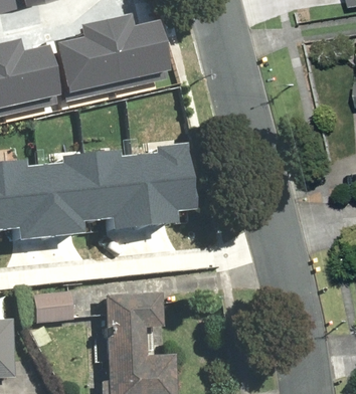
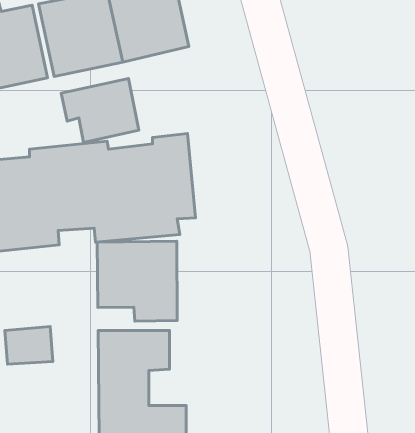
building: none -> [61,79,139,142]
building: none -> [97,241,177,321]

